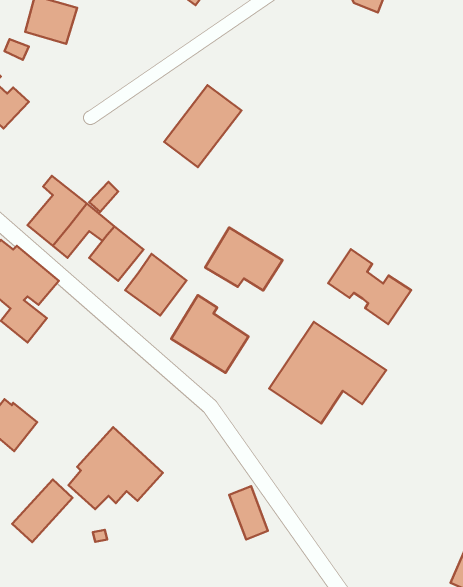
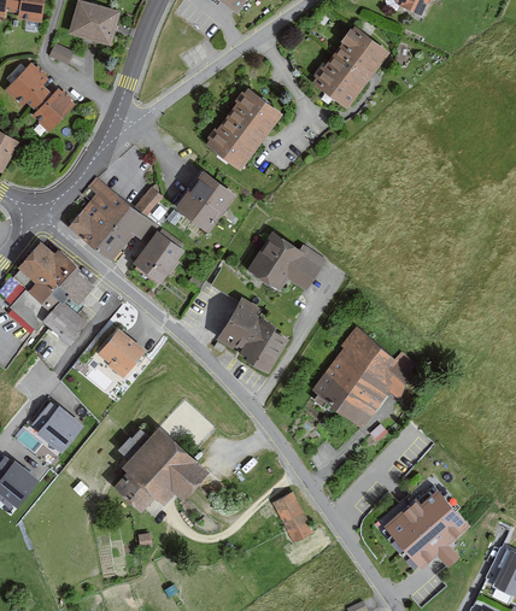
building: none -> [312,27,388,107]
building: [328,249,411,324] -> none
building: [125,254,187,316] -> [172,170,234,231]
building: none -> [93,327,145,378]
building: [12,479,73,542] -> none
building: none -> [381,484,476,564]

